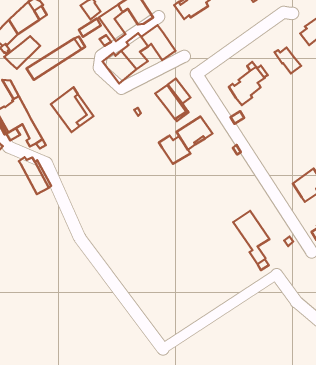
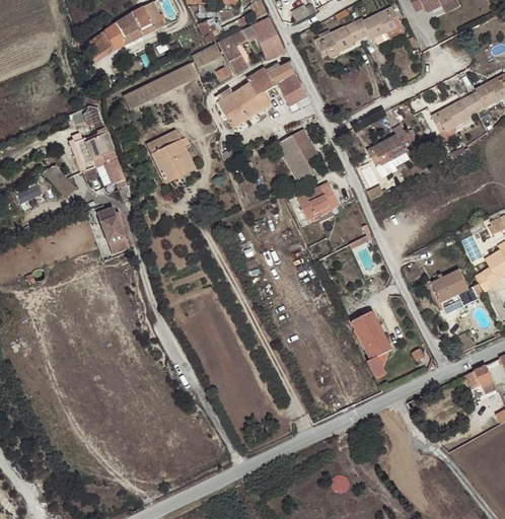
building: none -> [447,96,477,126]
building: [4,36,40,69] -> none
building: [159,136,190,164] -> none

